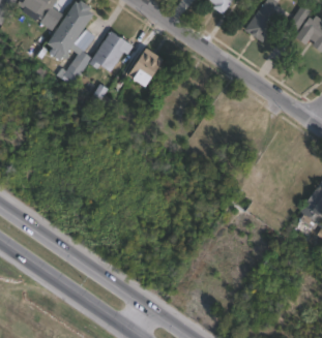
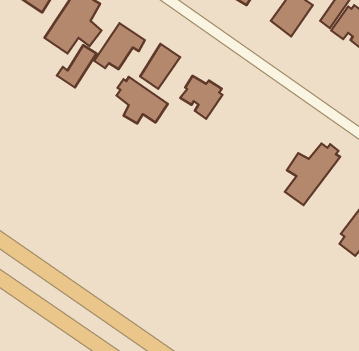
building: none -> [180,76,223,119]
building: none -> [116,77,168,124]
building: none -> [285,144,340,205]

